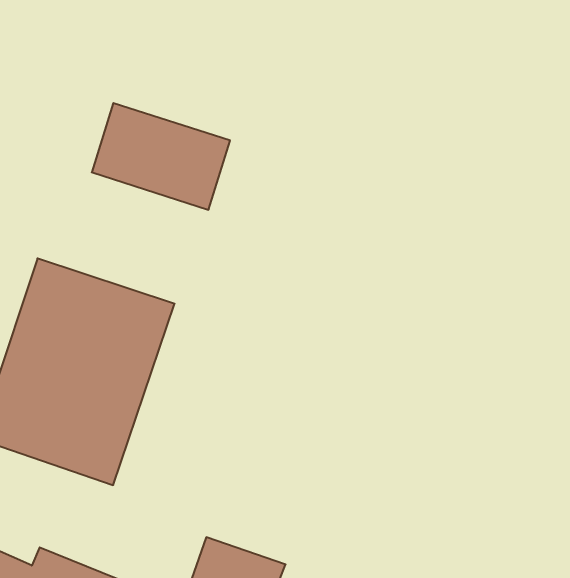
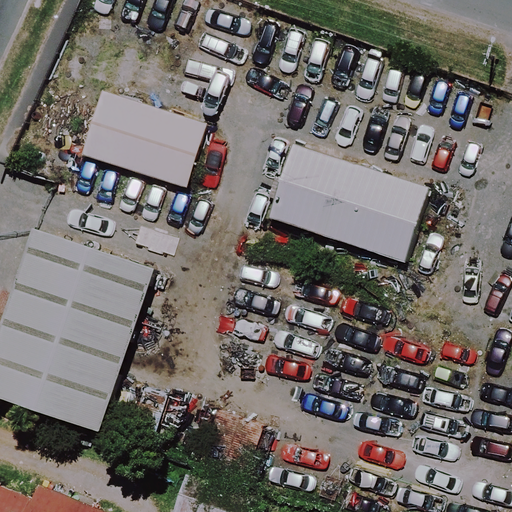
building: none -> [267,146,424,261]

